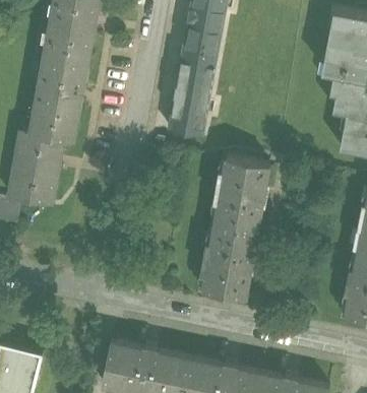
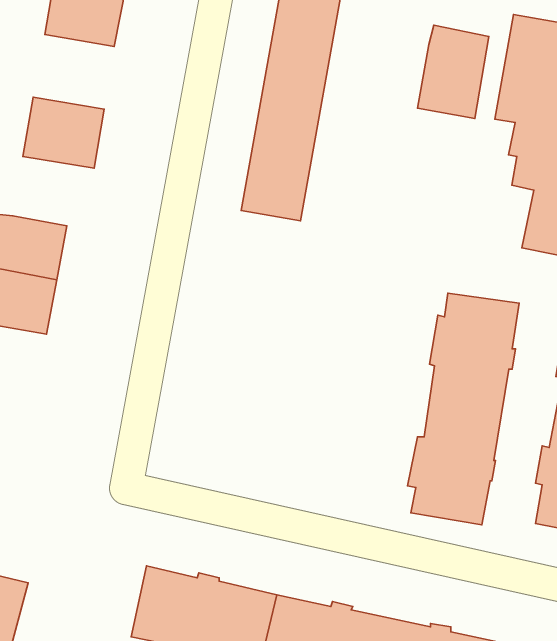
building: none -> [418,25,489,118]
building: [44,21,93,66] -> none
building: [32,94,80,138] -> none
building: [201,157,268,297] -> [407,293,519,525]

